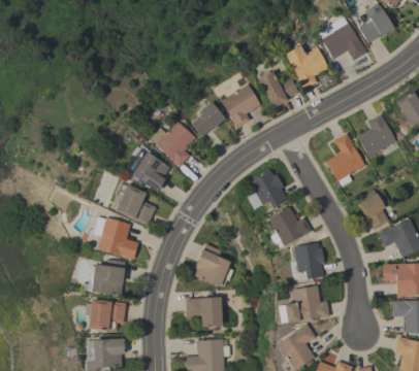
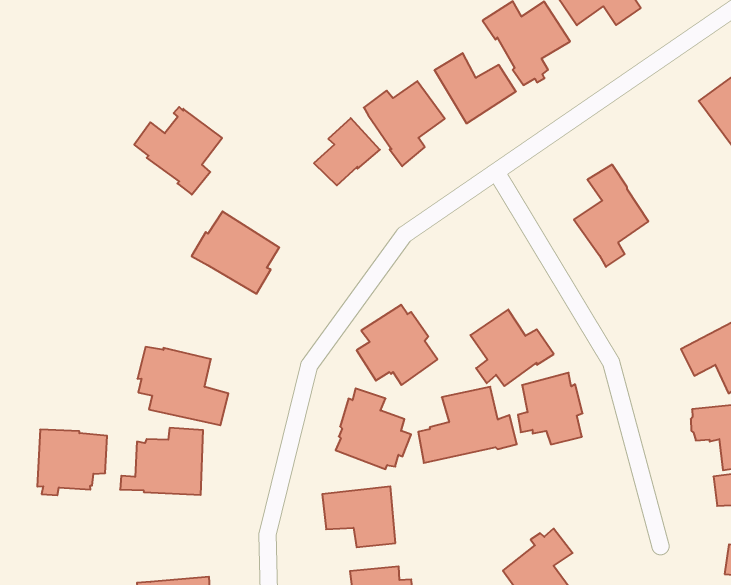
building: [357,114,399,158] -> none
building: [151,121,197,167] -> [134,107,222,195]
building: [246,170,288,212] -> [357,305,437,385]
building: [110,181,157,227] -> none
building: [358,190,391,231] -> none
building: [279,285,330,324] -> [418,387,517,463]
building: [88,299,126,334] -> [37,430,107,495]

